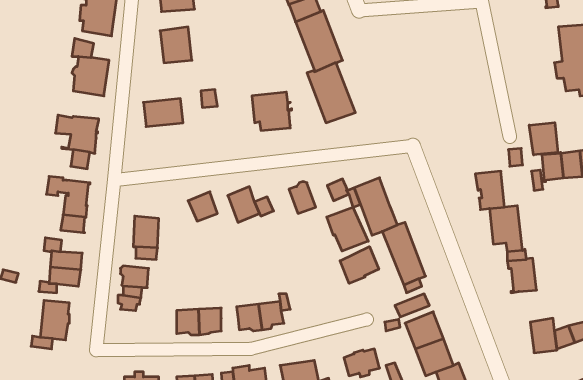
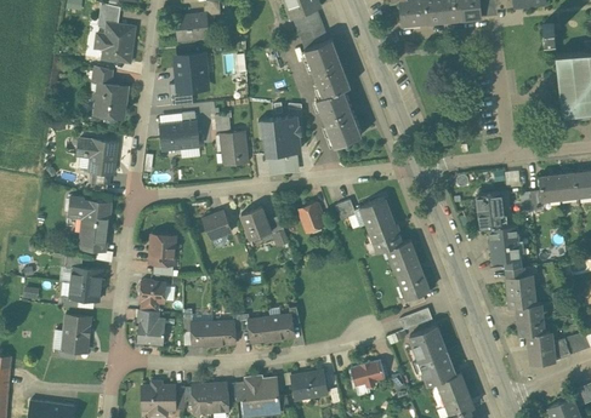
building: none -> [220,132,248,165]
building: [529,123,558,155] -> none
building: [327,207,368,251] -> none
building: [340,247,379,283] -> none
building: none -> [517,303,542,334]
building: none -> [137,317,165,344]

